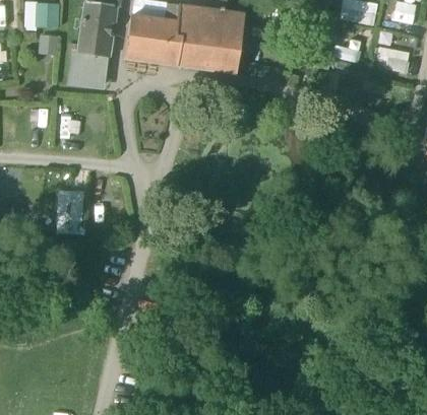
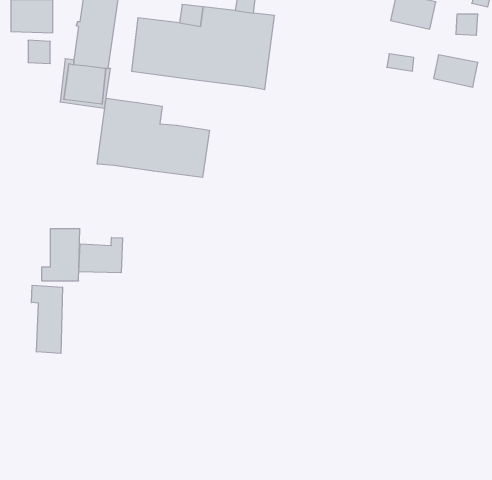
building: none -> [97,98,209,177]
building: none -> [79,237,123,273]
building: none -> [31,285,62,353]

